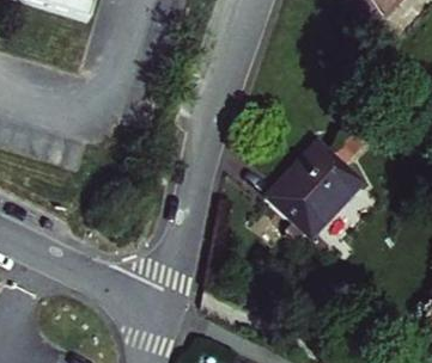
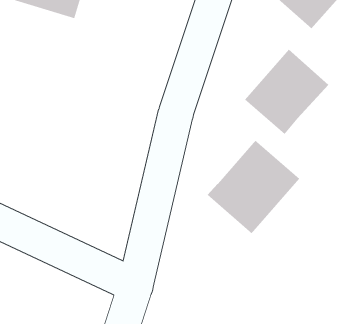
building: none -> [244,49,329,135]

